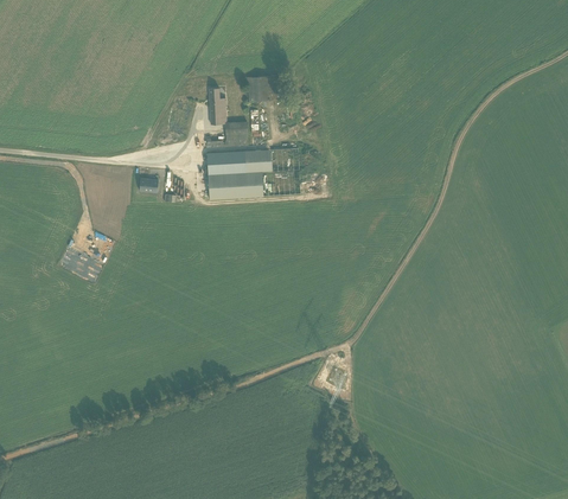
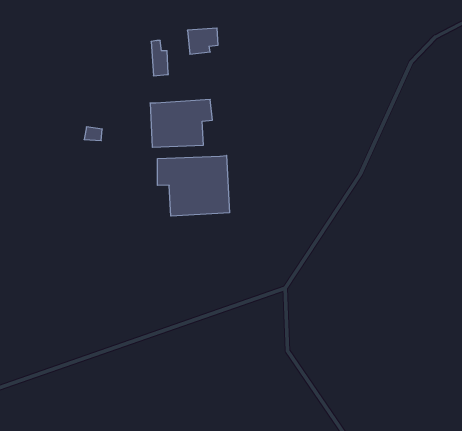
building: [225,119,248,143] -> none
building: none -> [157,155,229,216]

